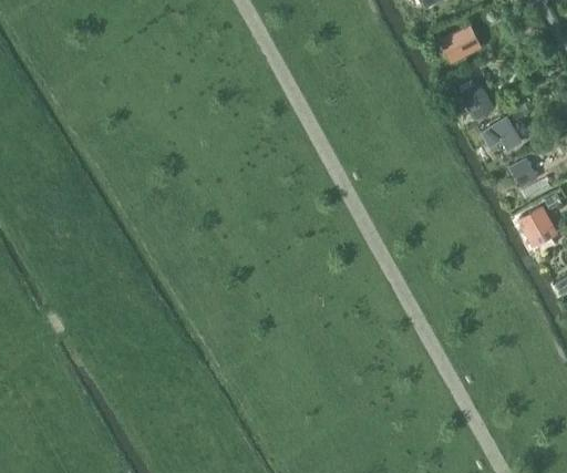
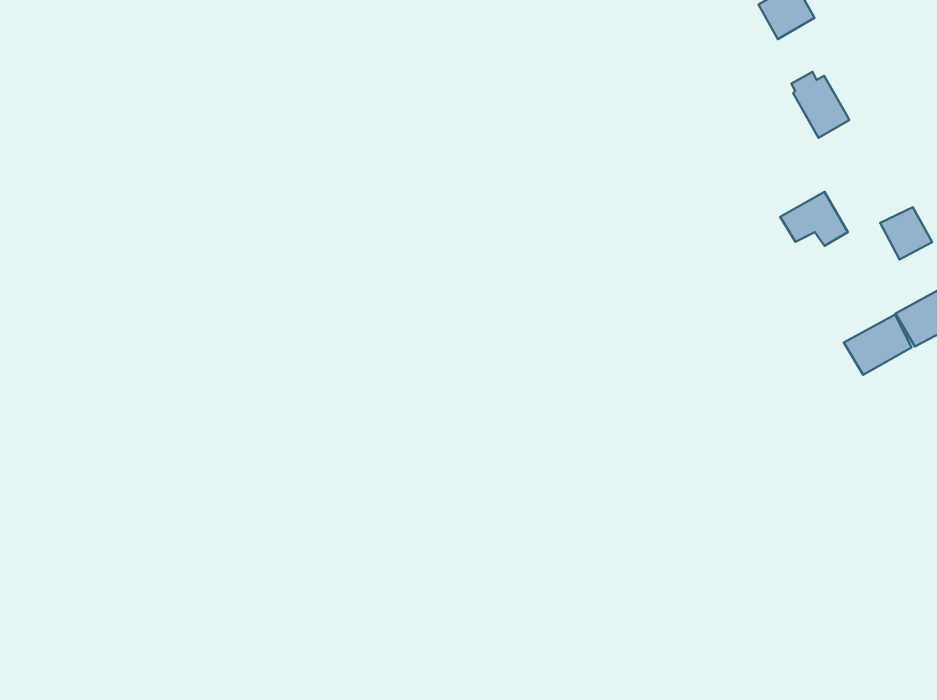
building: [483,119,522,150] -> [780,192,848,246]
building: none -> [844,314,912,375]

